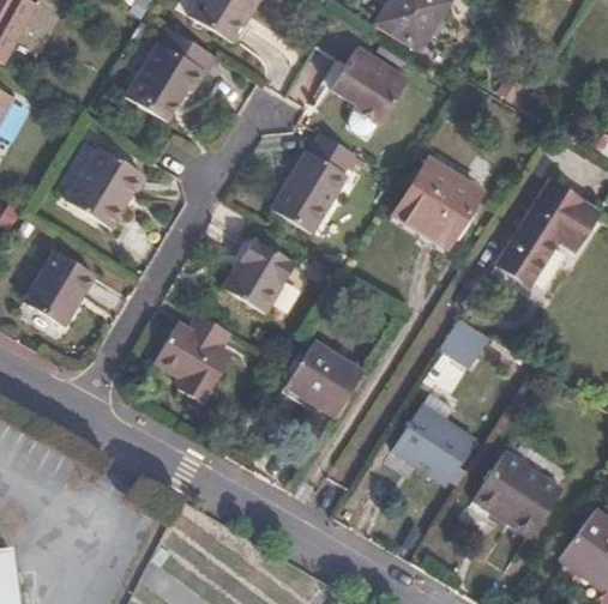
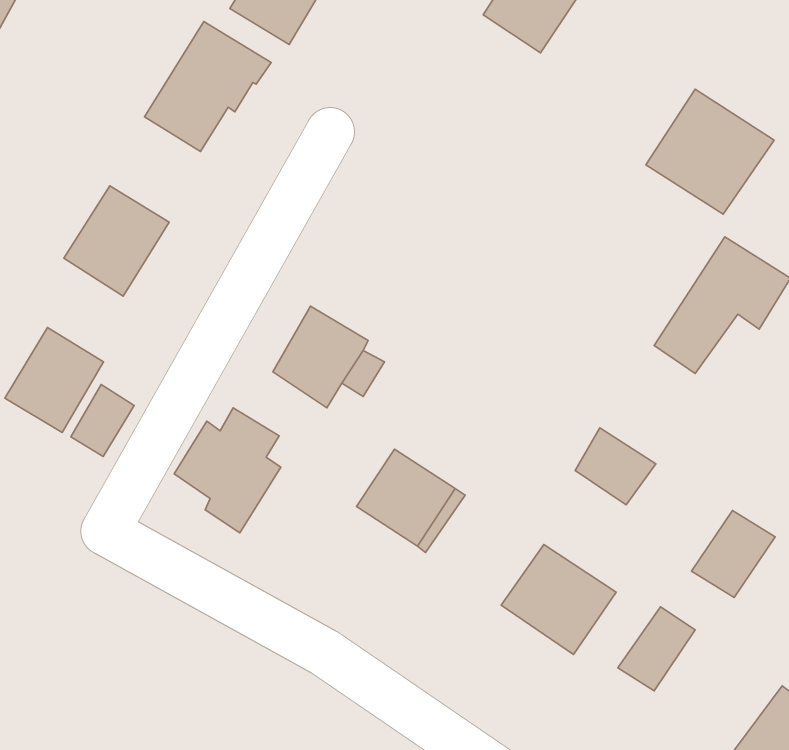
building: [329,46,405,123] -> none
building: [267,132,351,232] -> none
building: [392,157,486,248] -> [646,89,774,214]
building: none -> [71,384,134,457]
building: [500,471,561,534] -> [691,510,775,598]

